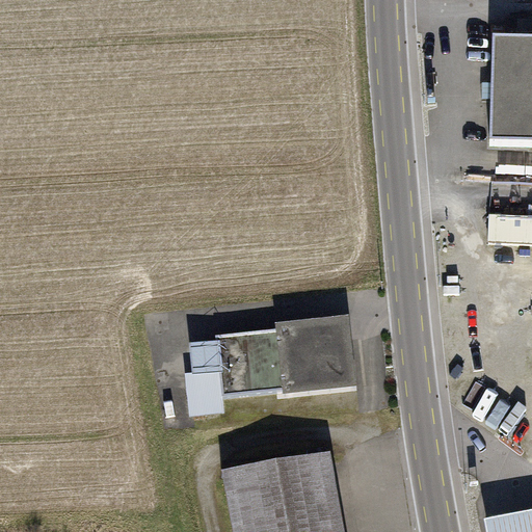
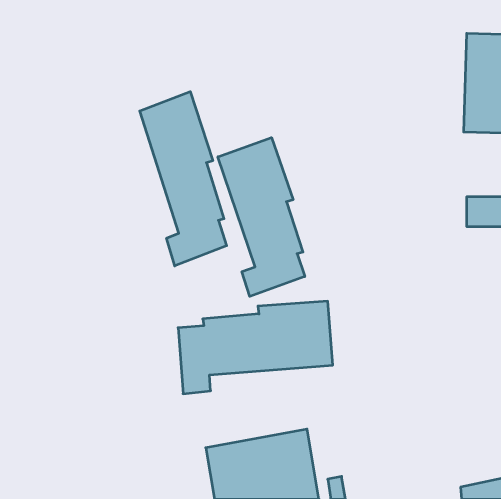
building: none -> [140,92,227,266]
building: none -> [218,138,305,296]

